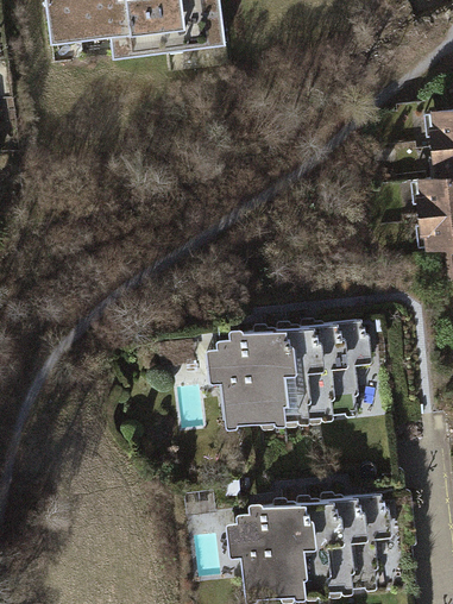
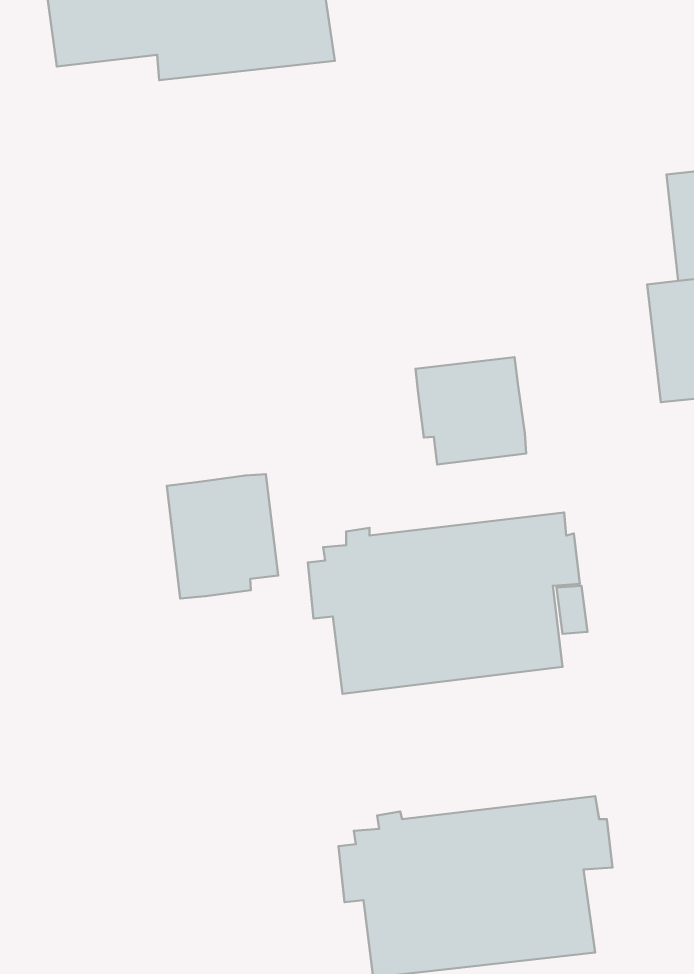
building: none -> [416,357,526,464]
building: none -> [167,474,278,599]

